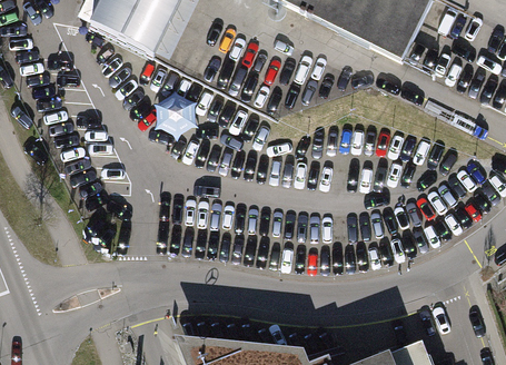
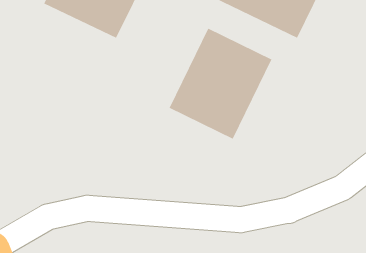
building: none -> [168,28,273,140]

